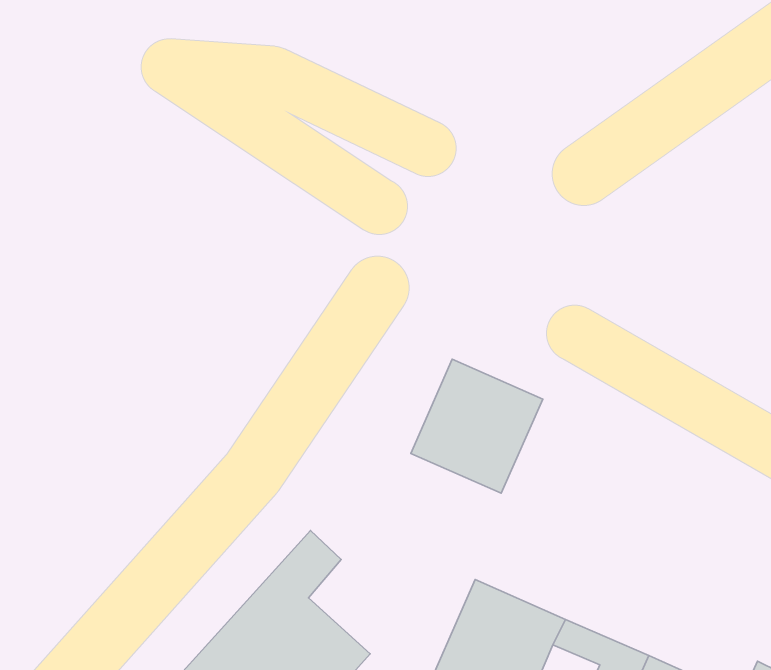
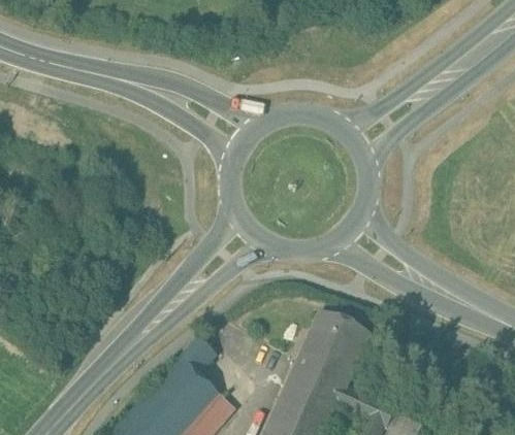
building: [411,359,543,493] -> [294,311,369,388]

